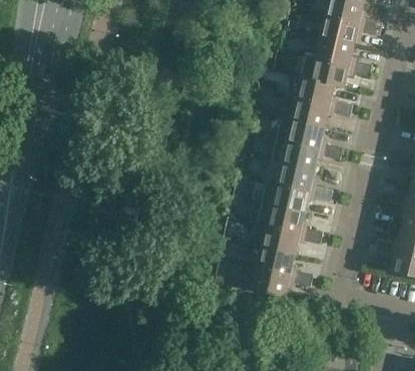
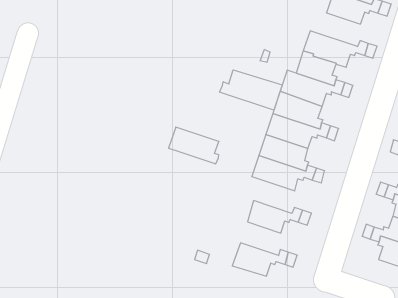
building: [307,35,356,67] -> none
building: none -> [220,70,282,110]
building: [257,203,306,235] -> [169,127,219,164]
building: [257,247,297,277] -> none

